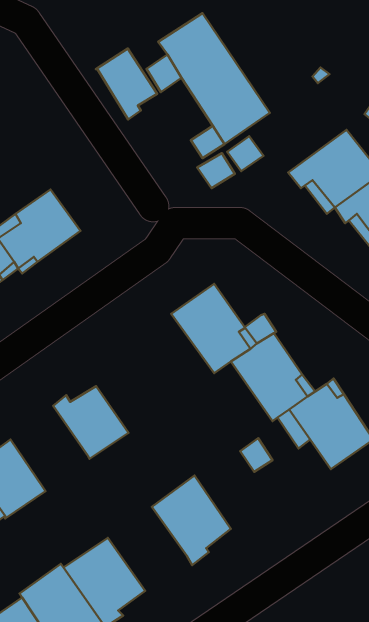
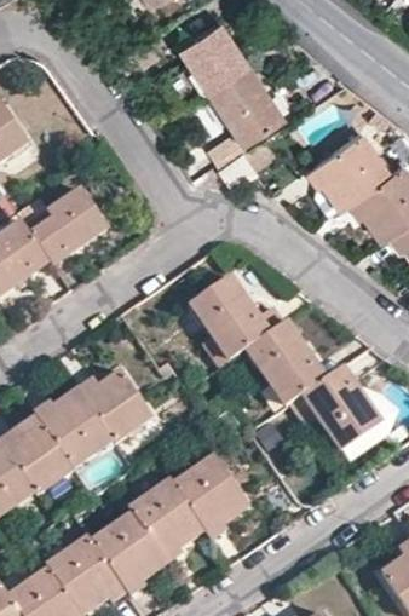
building: [96,48,157,119] -> none
building: none -> [35,388,113,465]
building: none -> [128,479,205,562]

